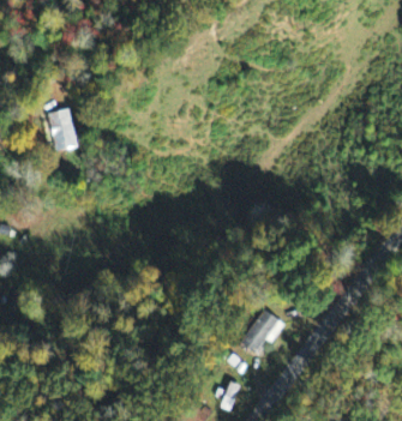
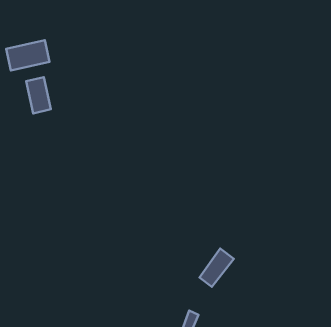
building: none -> [6,40,49,70]

